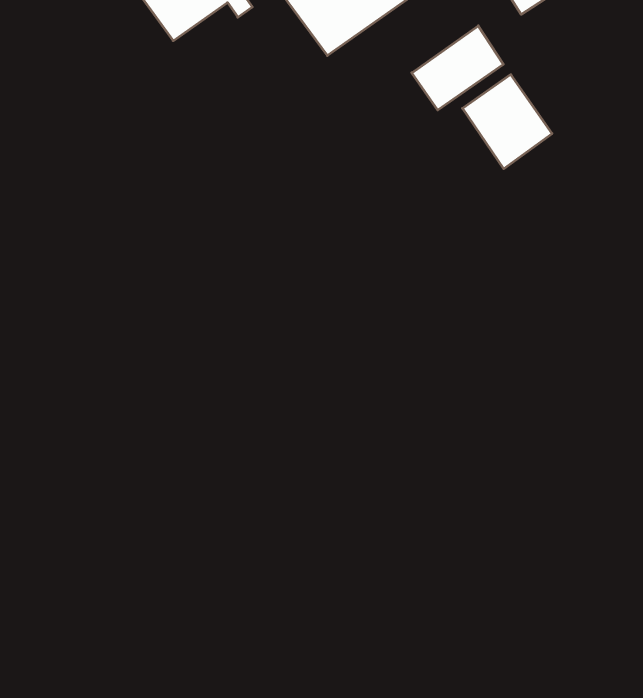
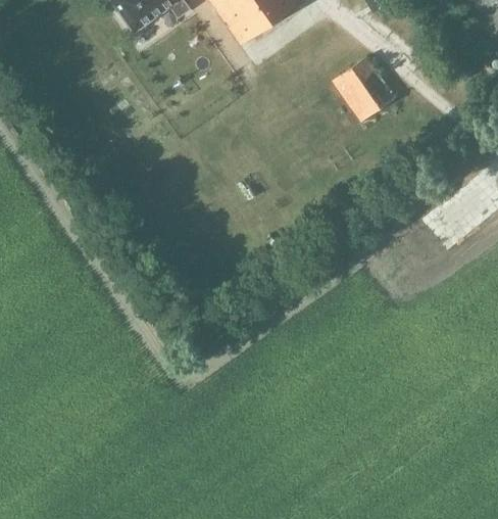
building: [412,26,503,110] -> none

